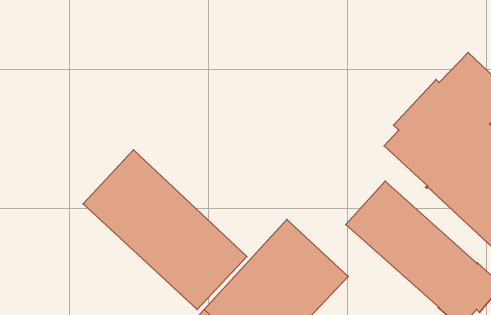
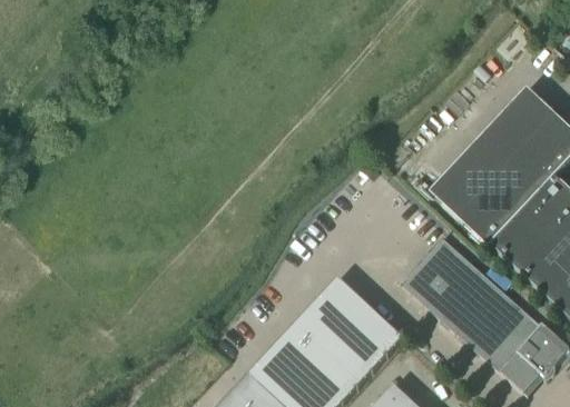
building: [83,150,247,310] -> none

